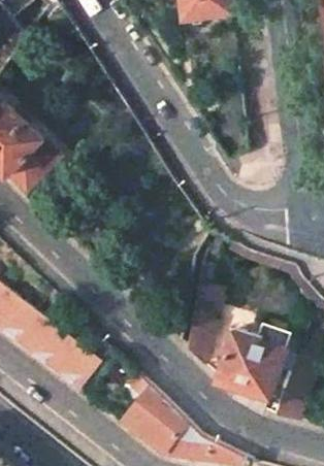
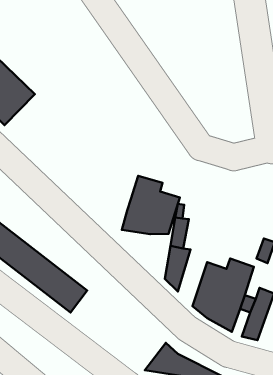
building: [6,142,58,195] -> none
building: none -> [122,176,180,234]
building: [122,372,188,454] -> none

